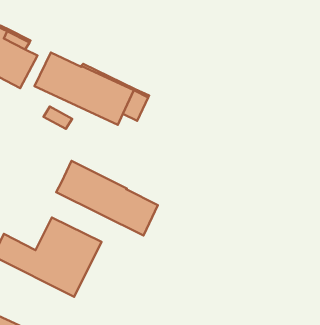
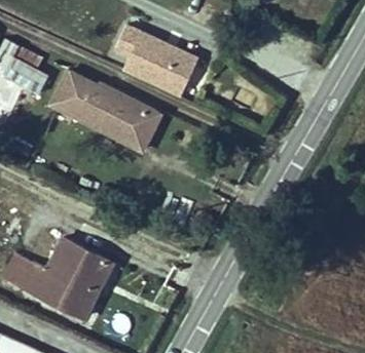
building: none -> [117,28,200,99]
building: [56,161,158,236] -> none

